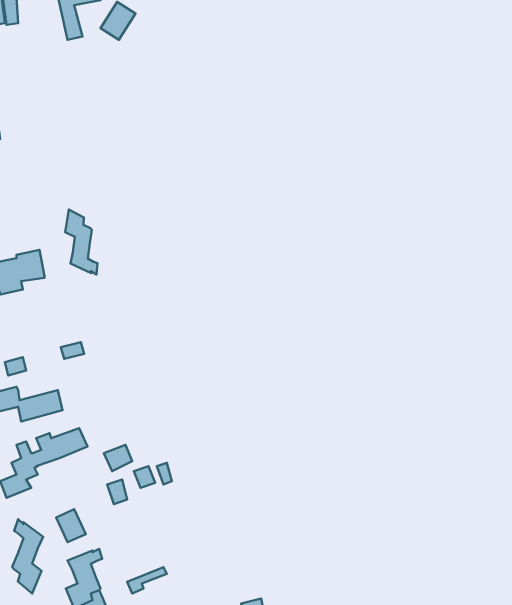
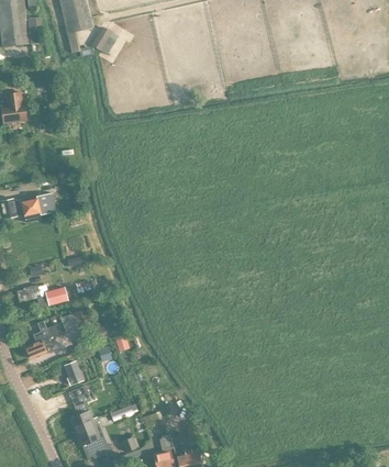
building: [65,209,98,275] -> none
building: [12,519,43,594] -> none

